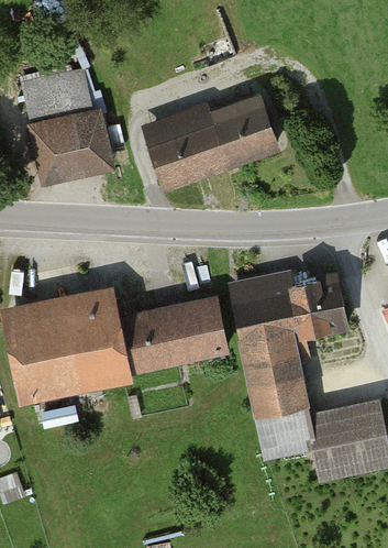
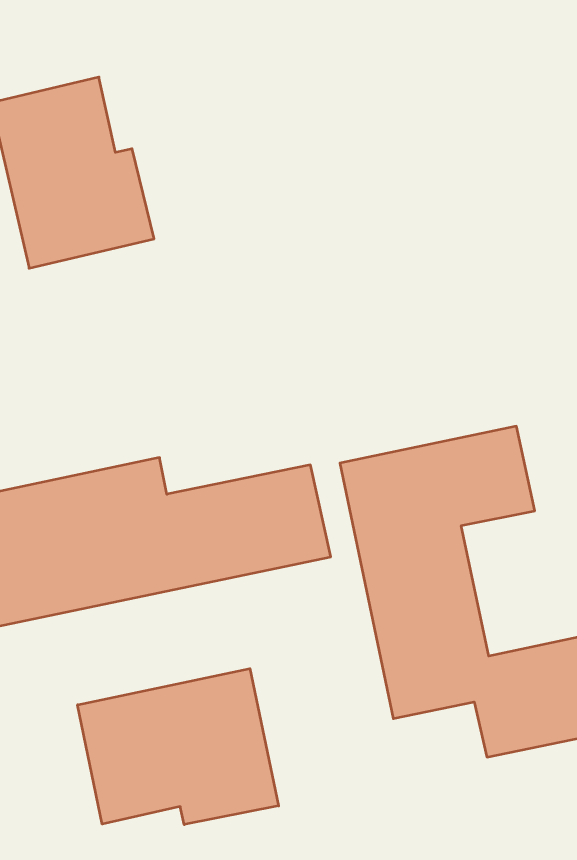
building: [146,98,286,190] -> none
building: none -> [78,669,279,825]

